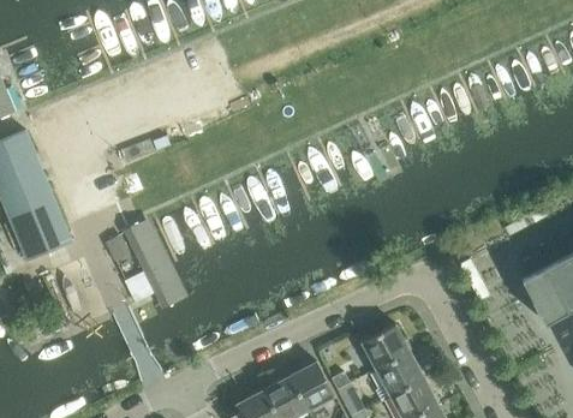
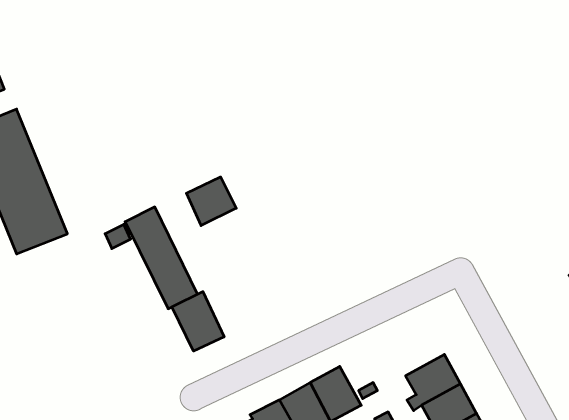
building: none -> [186,177,236,226]
building: none -> [172,292,224,351]
building: [360,324,410,370] -> none

